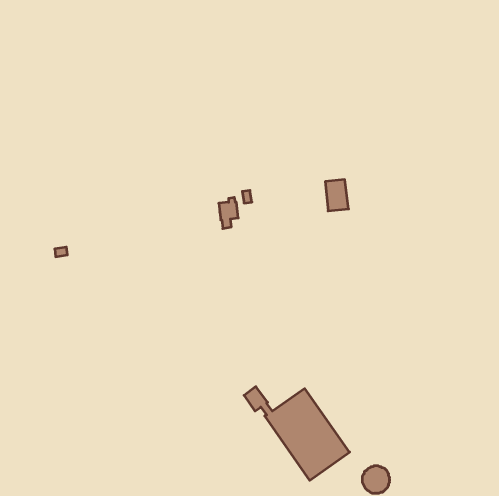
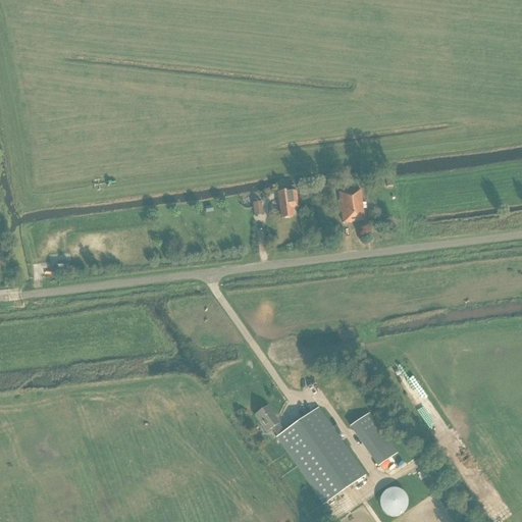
building: [219,197,238,229] -> [278,184,299,216]
building: none -> [353,411,397,462]

